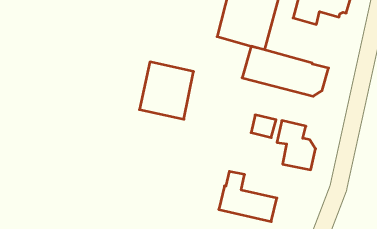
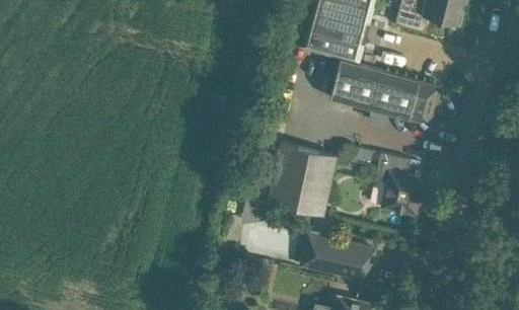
building: [139,62,194,119] -> [269,144,337,216]

